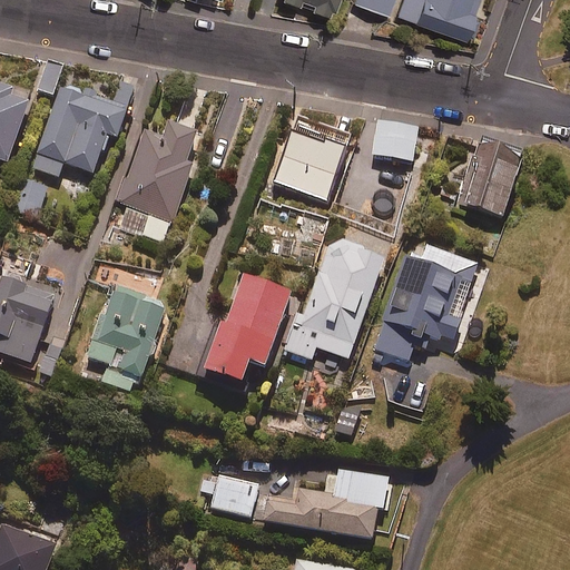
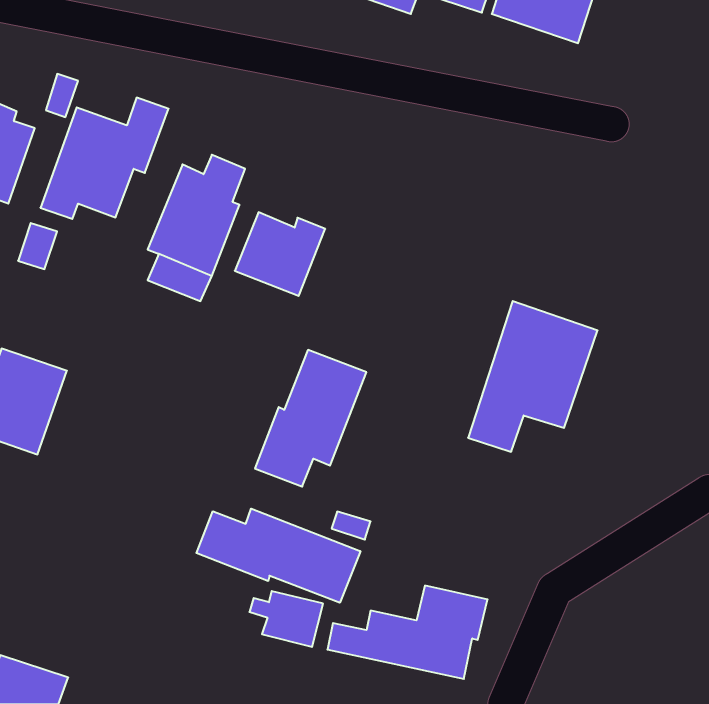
building: [372,117,416,160] -> none
building: [274,134,346,200] -> [235,212,325,296]
building: [455,138,520,219] -> none
building: [283,240,386,360] -> none
building: [88,286,165,392] -> none
building: none -> [196,509,360,603]

